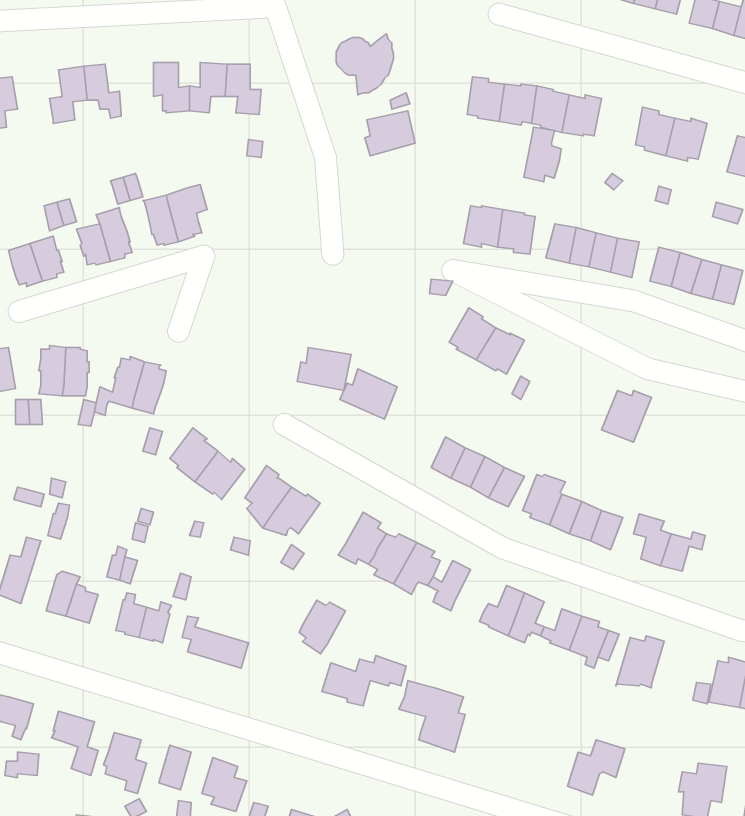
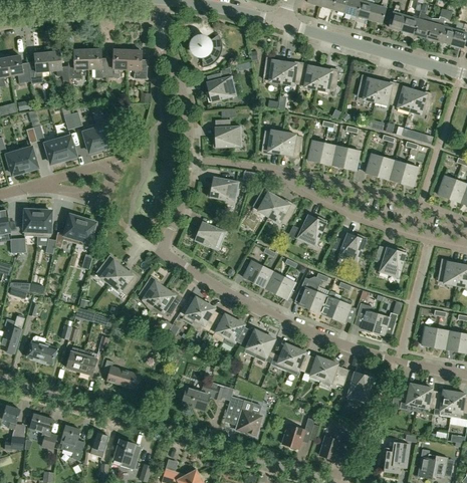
building: none -> [68,49,87,78]
building: none -> [8,55,31,82]
building: none -> [393,83,415,110]
building: [524,127,561,182] -> none
building: none -> [212,126,240,146]
building: [297,347,351,390] -> [207,177,237,201]
building: none -> [297,214,326,244]
building: none -> [380,247,406,275]
building: none -> [254,333,275,363]
building: [299,600,346,654] -> [179,295,205,325]
building: none -> [282,418,314,450]

